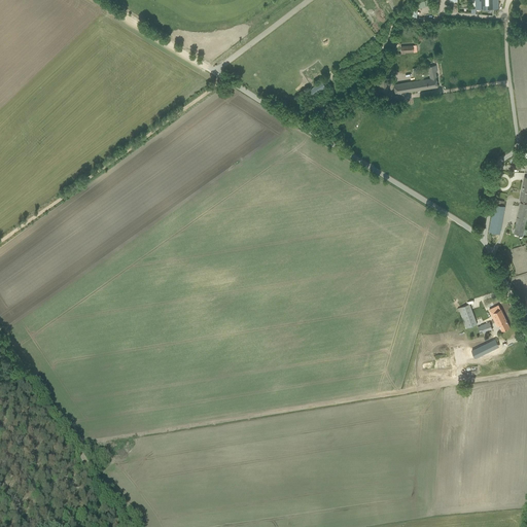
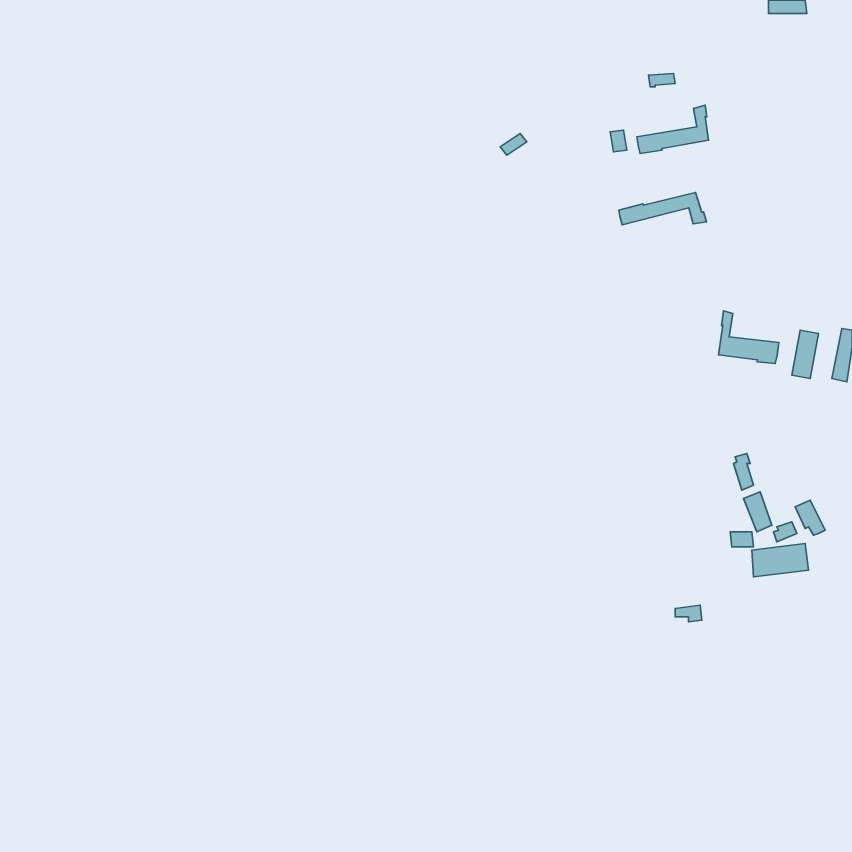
building: none -> [619,192,707,225]
building: none -> [719,311,779,364]

